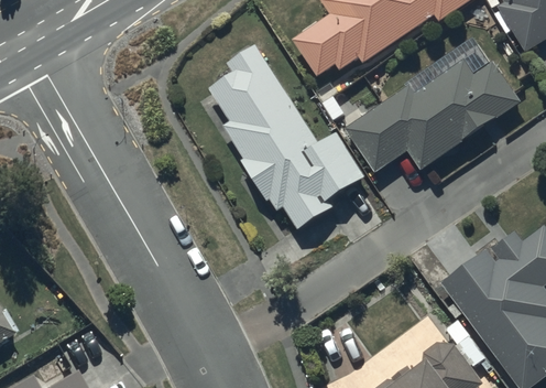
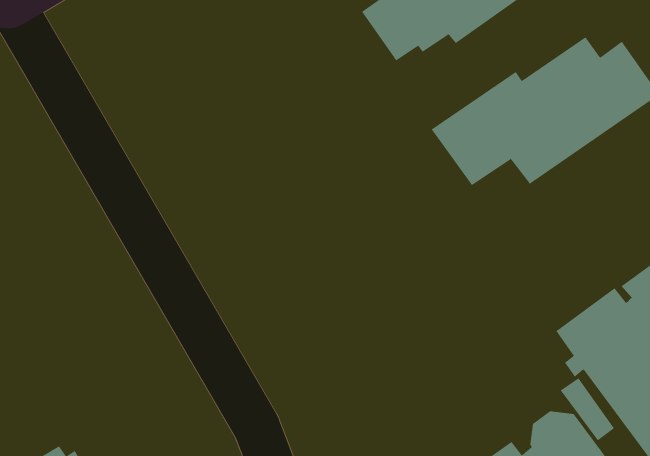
building: [209,43,365,230] -> none

